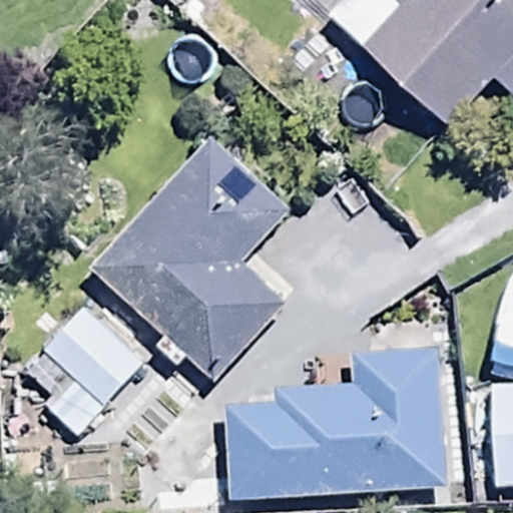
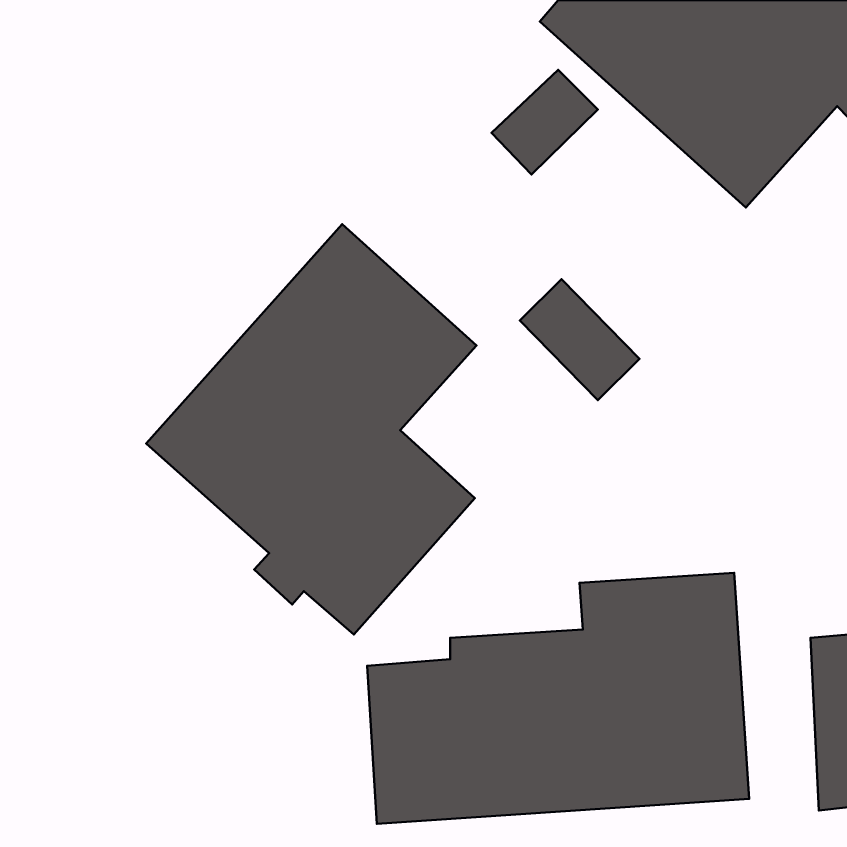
building: [22,309,143,440] -> none

